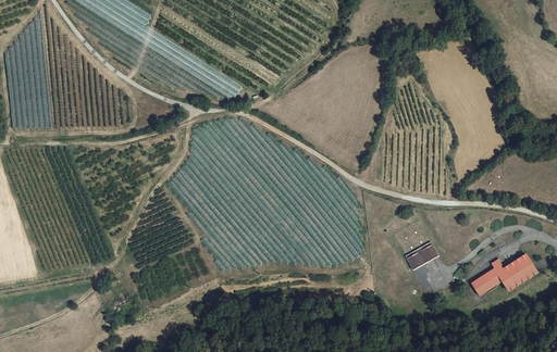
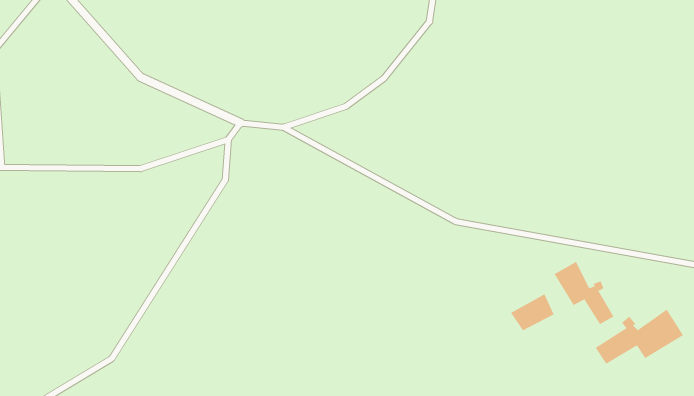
building: none -> [554,261,614,325]

